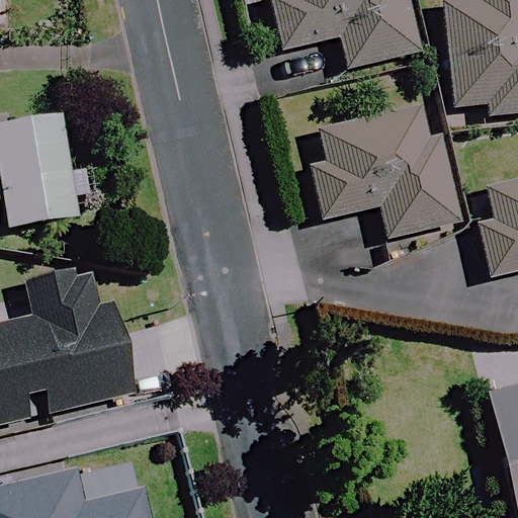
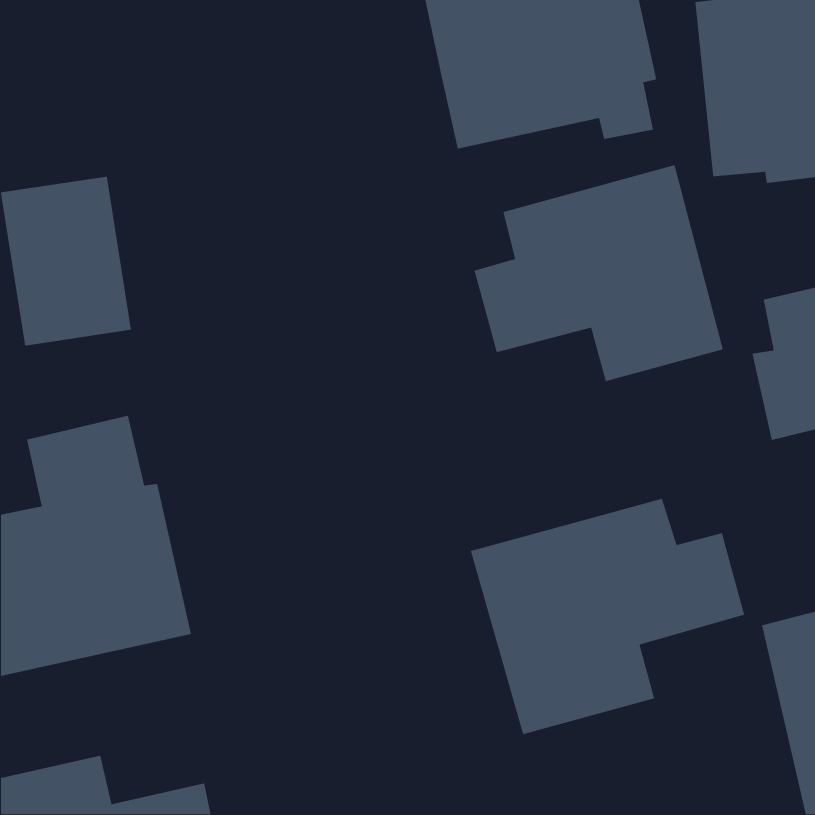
building: none -> [470,498,745,735]

